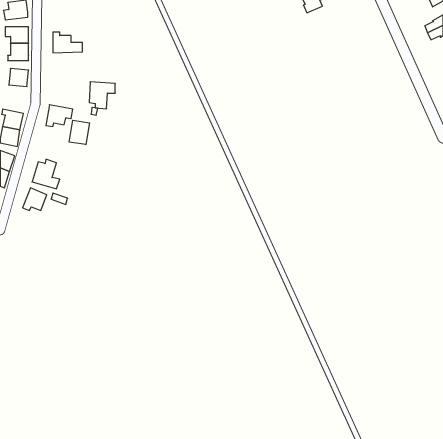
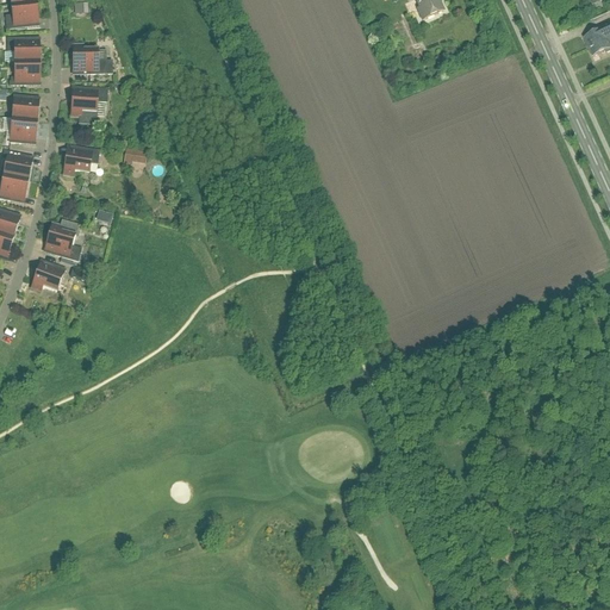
building: [89,82,115,109] -> [71,86,107,123]
building: none -> [10,117,37,143]
building: [69,120,90,145] -> none

